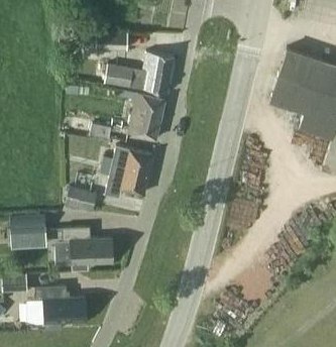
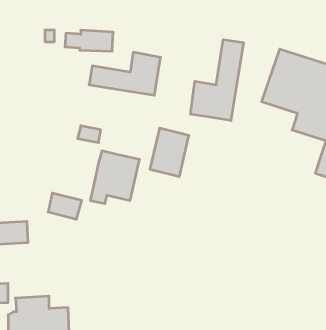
building: none -> [191,40,243,121]
building: [127,94,164,140] -> [150,128,189,177]
building: [54,228,112,271] -> none

